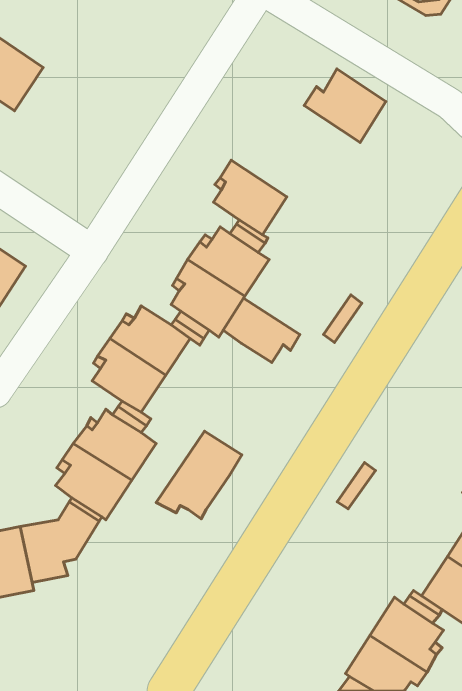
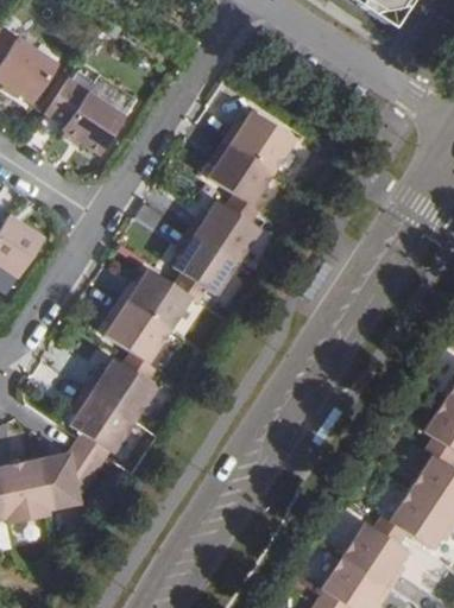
building: [304,69,386,142] -> [222,110,294,175]
building: none -> [49,69,137,151]
building: [223,298,300,362] -> none
building: [156,431,242,519] -> none

